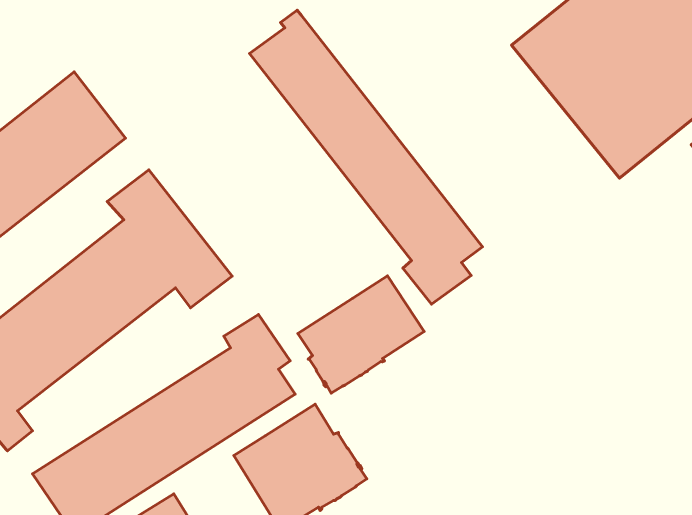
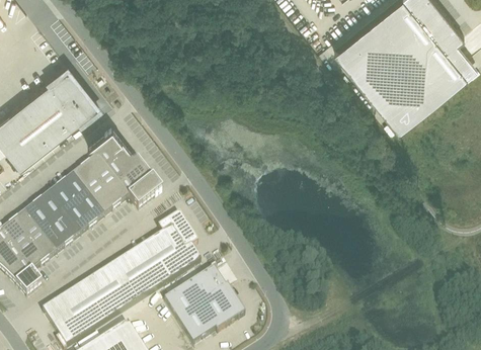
building: [249,10,483,304] -> none
building: [298,276,424,393] -> none

